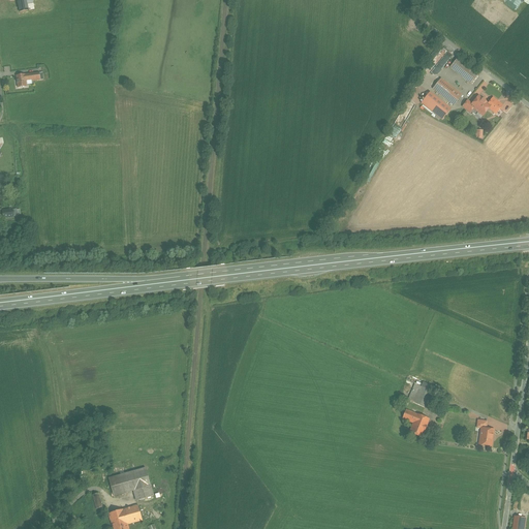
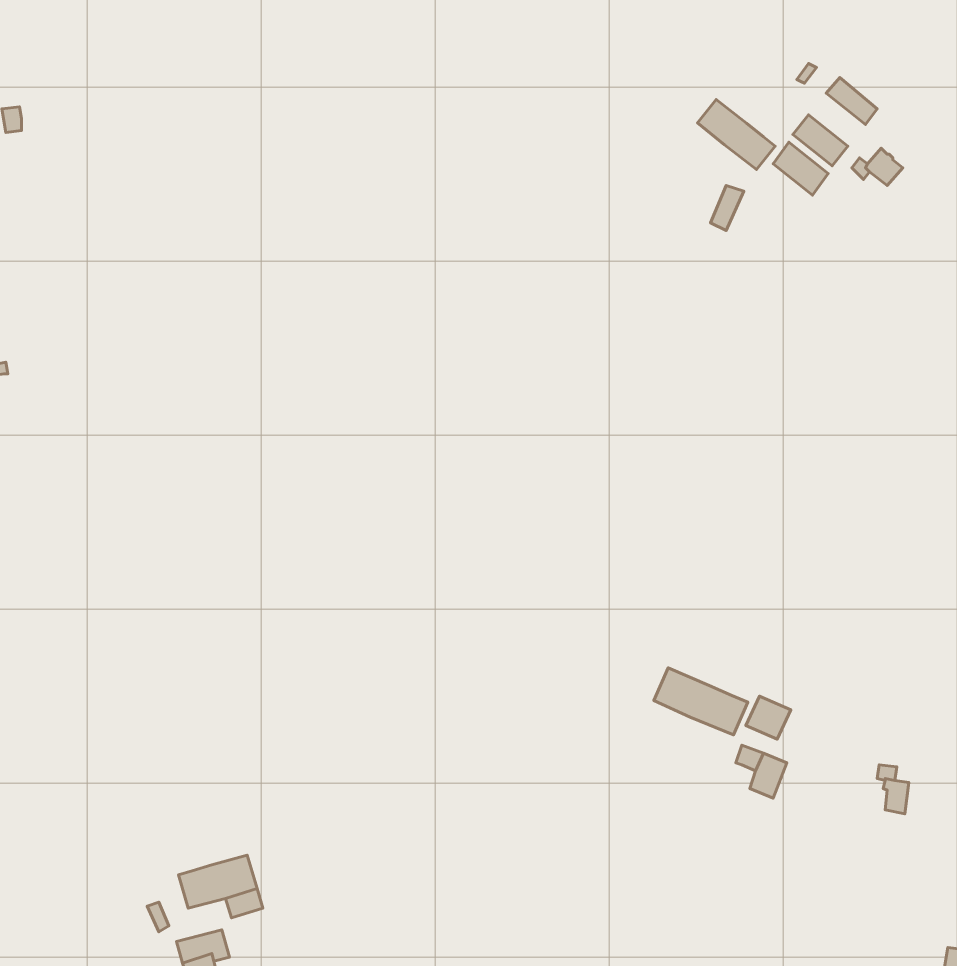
building: none -> [698,99,775,169]
building: none -> [654,668,748,735]

